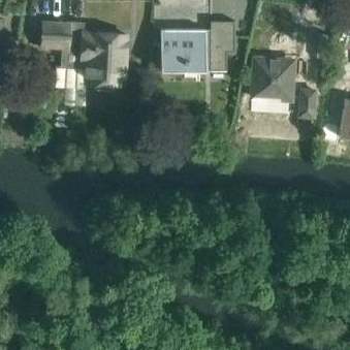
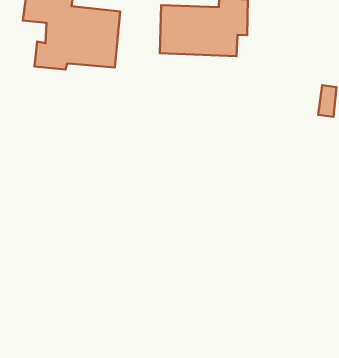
building: [251,57,293,99] -> none

